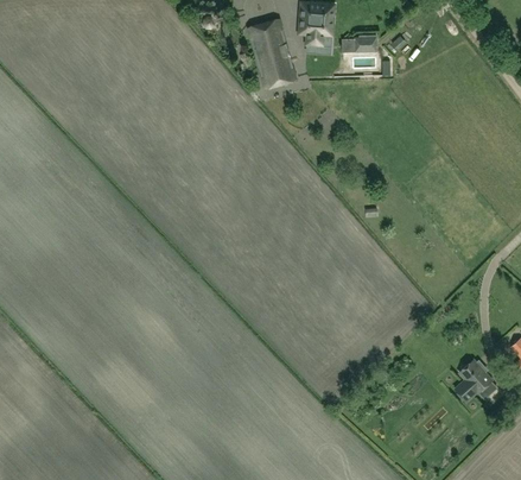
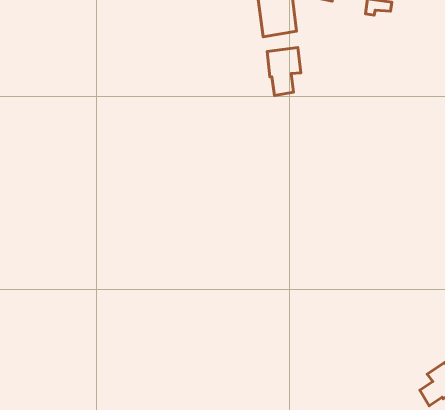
building: none -> [267,47,301,95]

